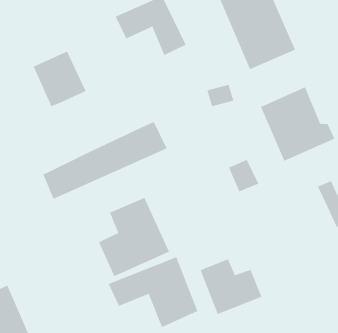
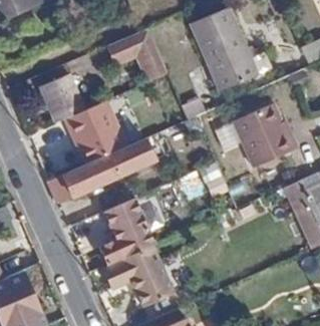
building: none -> [66,96,126,157]
building: [200,258,262,315] -> none

